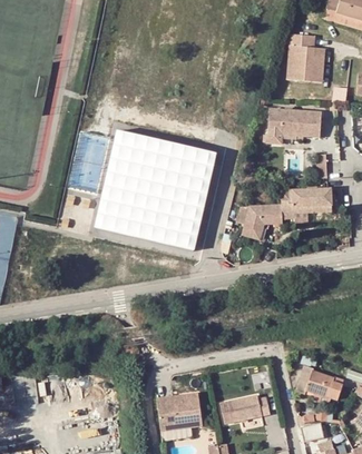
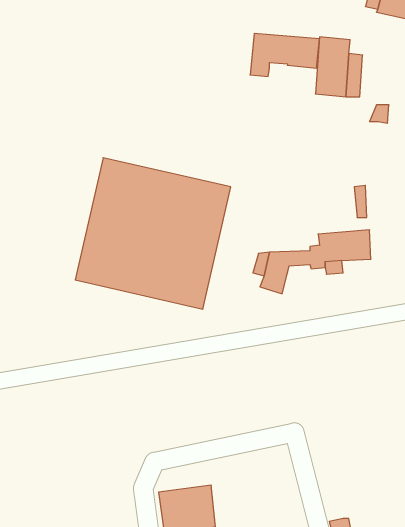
building: [265,108,321,142] -> [250,33,319,76]
building: [294,363,335,395] -> none
building: [224,396,265,422] -> none

